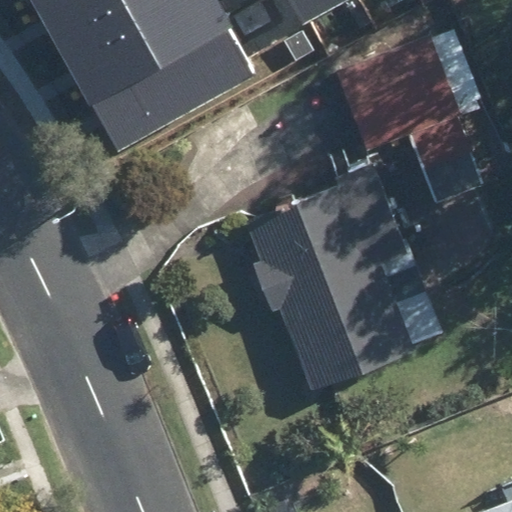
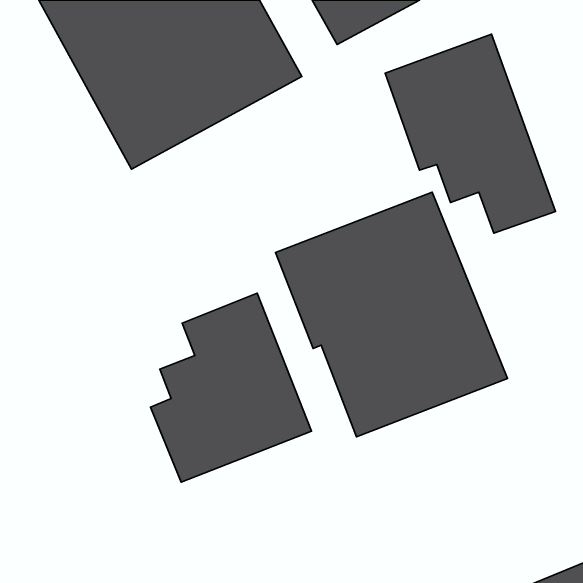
building: none -> [151,293,312,482]

